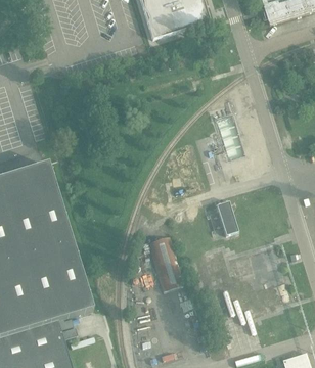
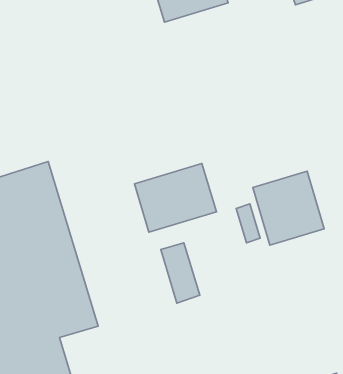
building: none -> [134,163,216,232]
building: none -> [253,171,324,245]

